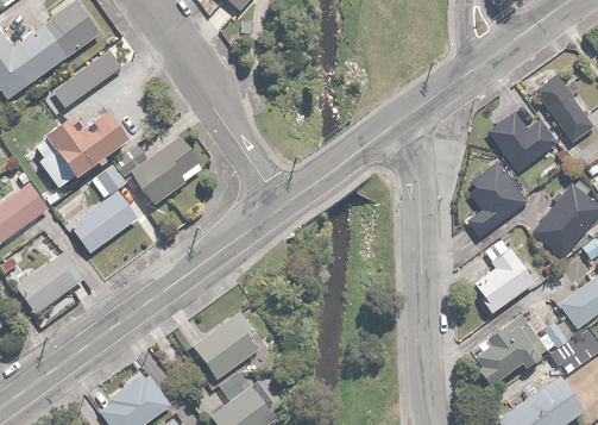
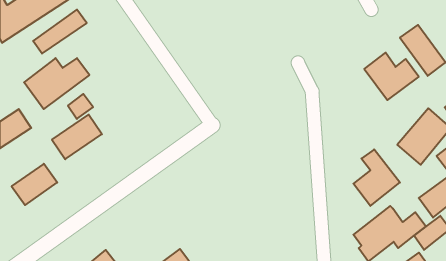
building: [133,138,204,202] -> none
building: [466,162,528,237] -> none
building: [194,311,258,379] -> none

